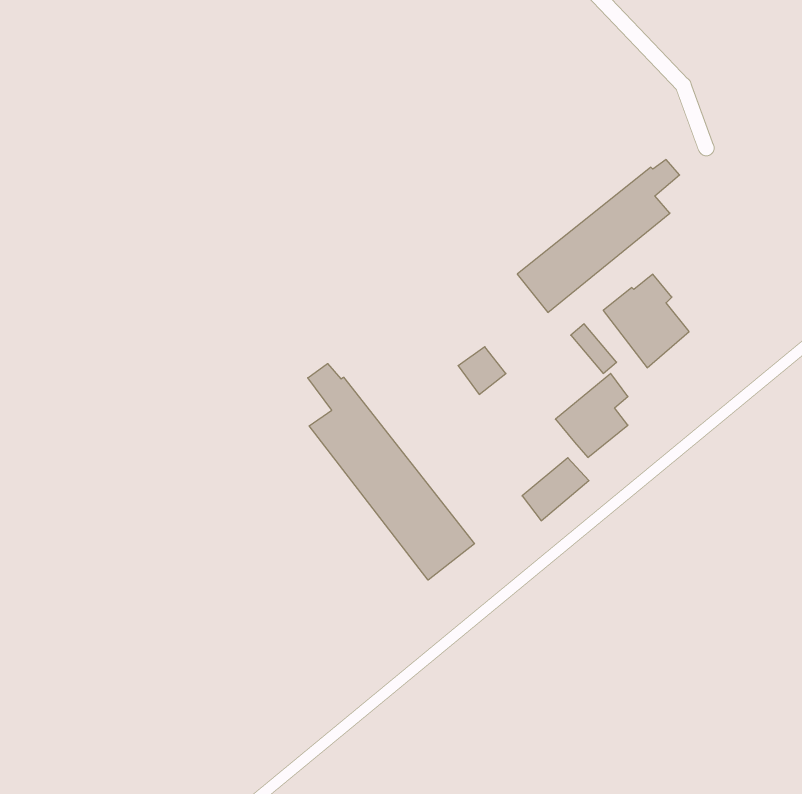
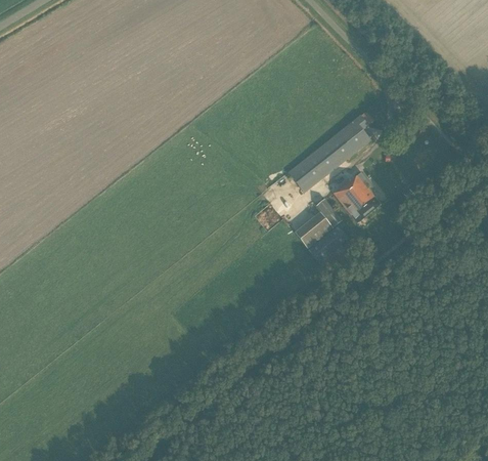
building: [308,364,474,580] -> none
building: [522,458,589,521] -> [298,213,334,247]

